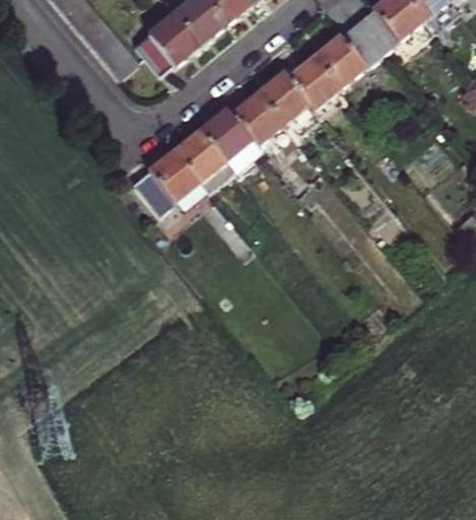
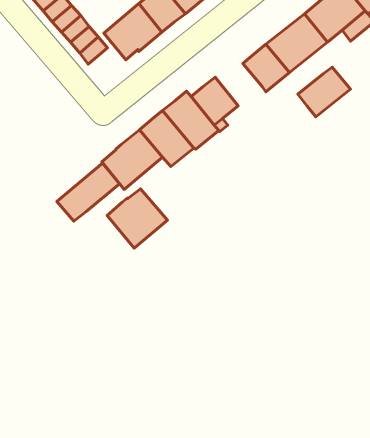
building: [259,70,311,123] -> none
building: none -> [298,67,350,117]
building: none -> [57,163,119,221]
building: none -> [107,189,167,248]

